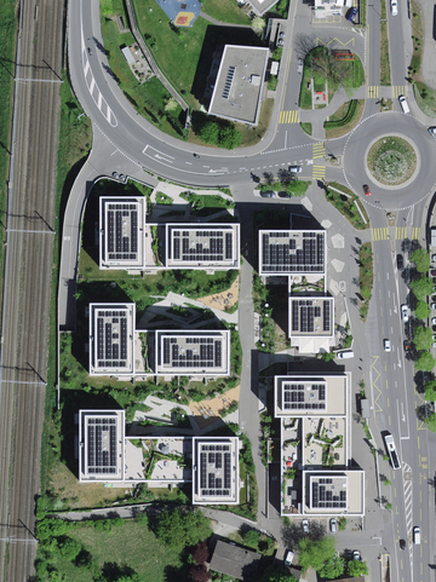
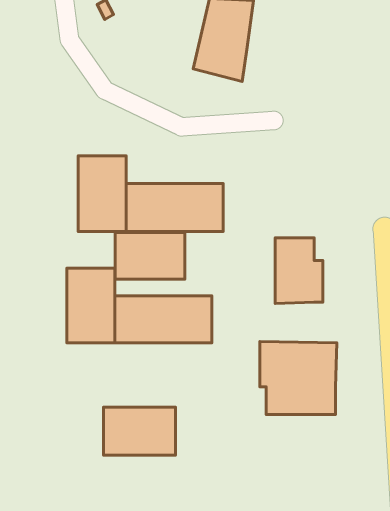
building: [259,230,326,275] -> [115,232,185,279]
building: [79,410,124,483] -> none
building: [193,437,239,503] -> none
building: [279,444,365,515] -> none

